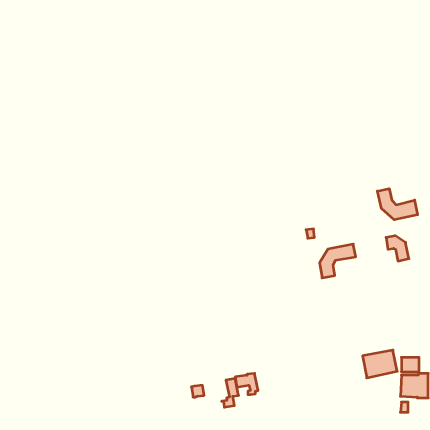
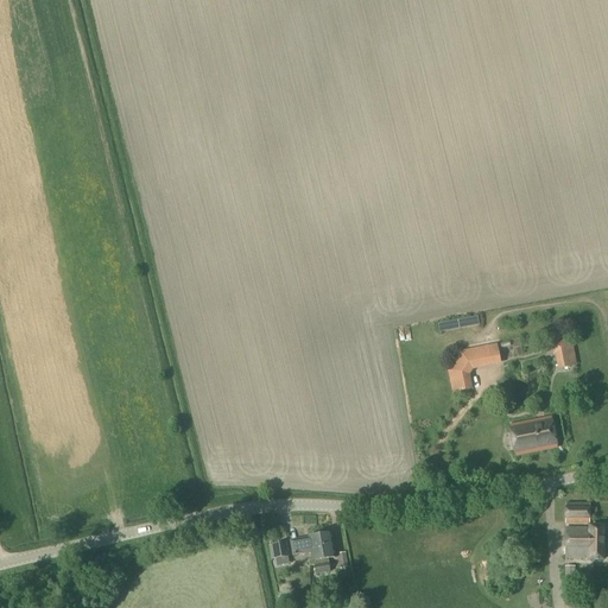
building: [377,189,418,220] -> none
building: [363,350,397,378] -> [509,417,558,456]
building: [235,373,258,395] -> [292,534,324,564]

